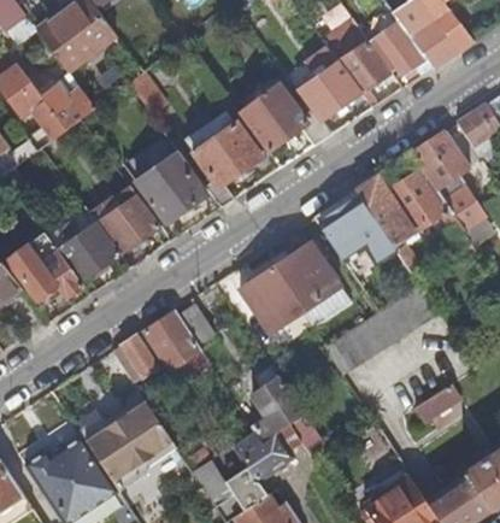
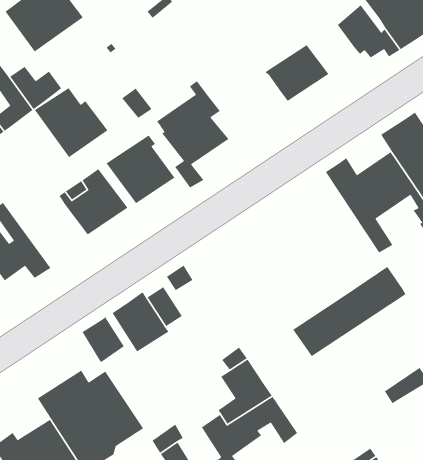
building: [331,31,392,93] -> none
building: [240,84,331,153] -> none
building: [316,190,396,263] -> none
building: [45,211,119,282] -> [34,87,108,158]
building: [240,243,340,334] -> none

